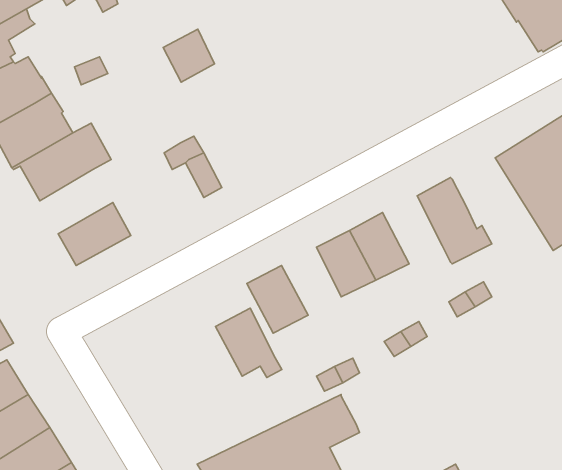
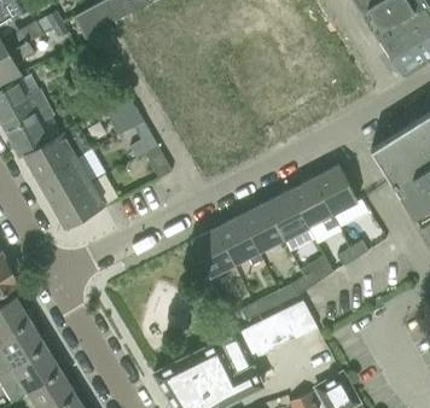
building: [163,29,214,82] -> [104,98,141,136]
building: none -> [37,159,91,206]
building: none -> [287,179,337,233]
building: [216,308,282,378] -> [214,216,262,267]
building: none -> [279,302,316,340]

